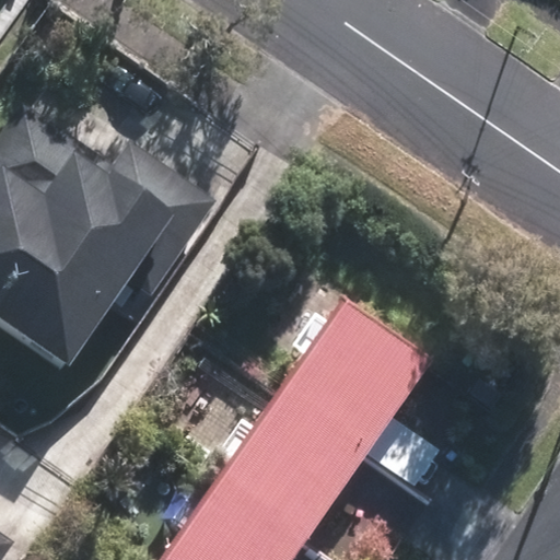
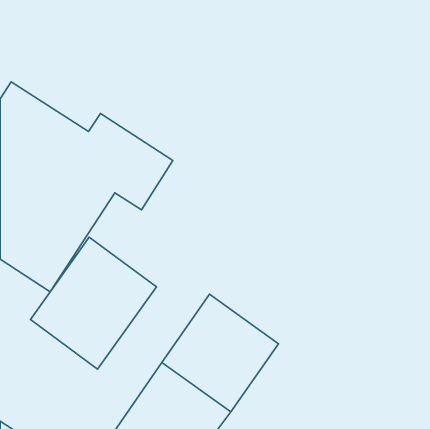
building: [276,299,441,481] -> none
building: none -> [30,237,156,369]

